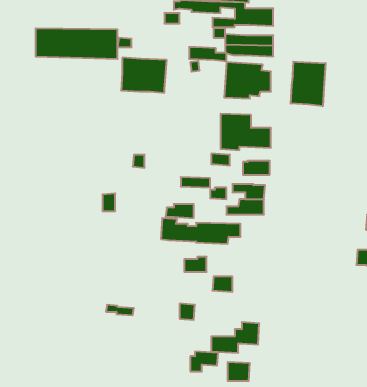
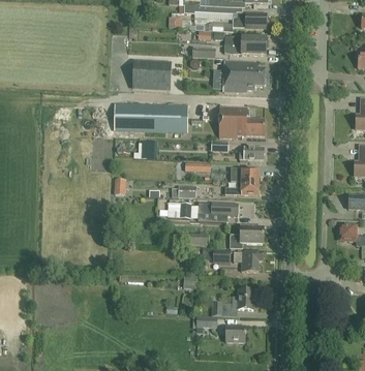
building: [36,28,118,59] -> [115,104,187,131]
building: [291,62,326,106] -> none
building: none -> [230,225,264,245]
building: none -> [234,251,263,271]

